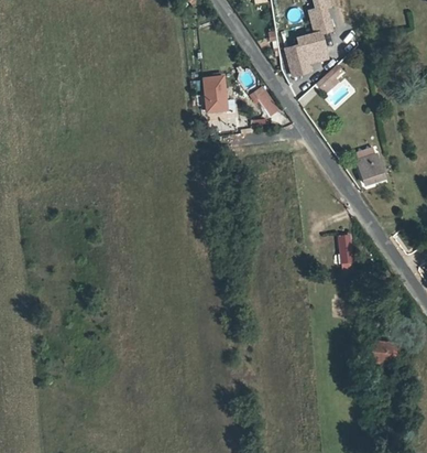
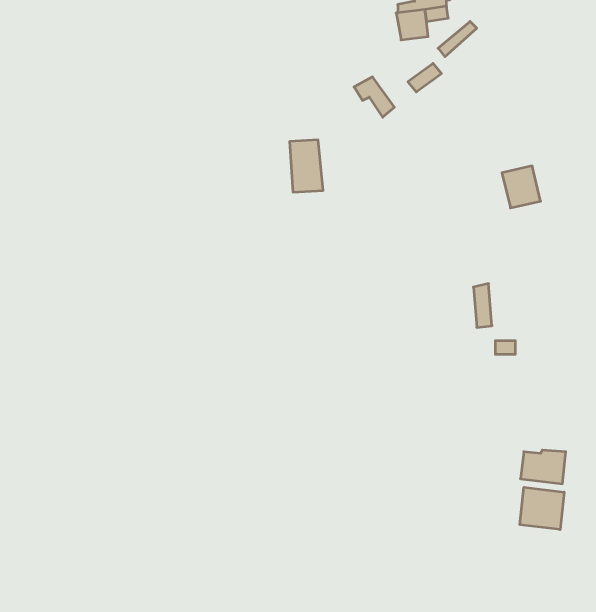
building: [205,75,227,109] -> [290,140,323,192]
building: none -> [520,487,564,530]

